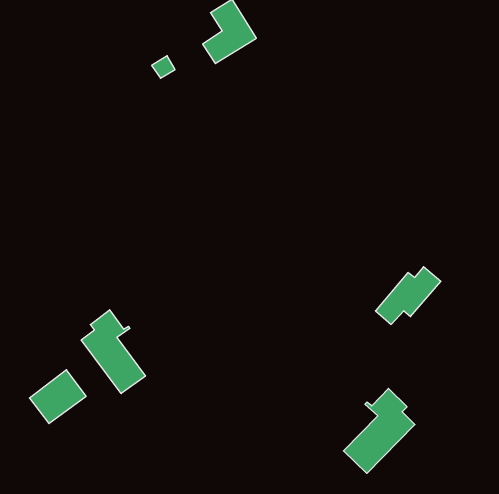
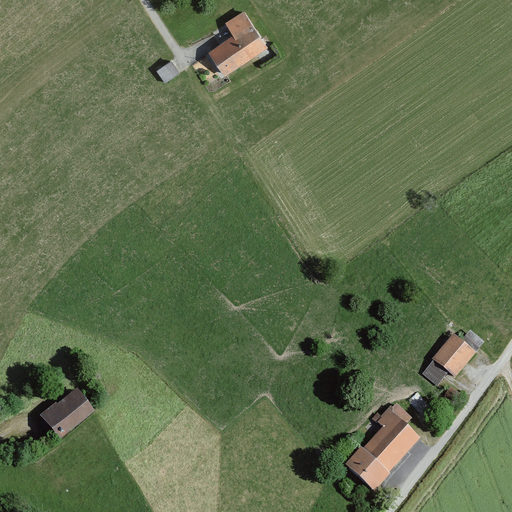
building: [375,267,441,324] -> [418,328,485,387]
building: [81,310,145,394] -> none

